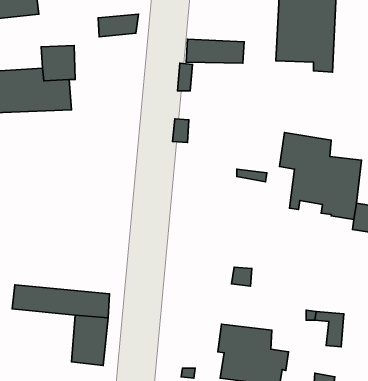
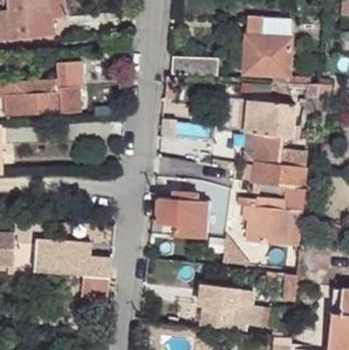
building: none -> [230,98,301,137]
building: none -> [155,193,208,240]
building: none -> [244,198,304,243]

